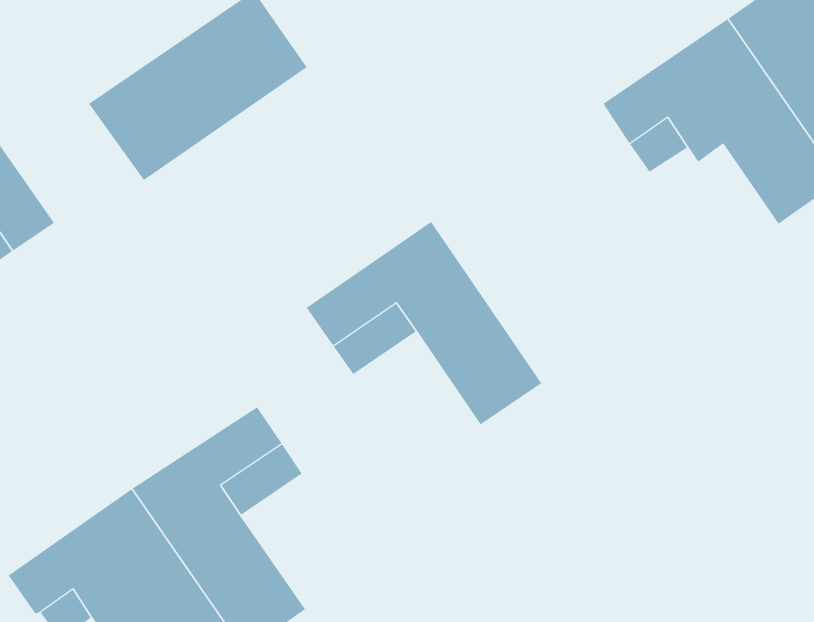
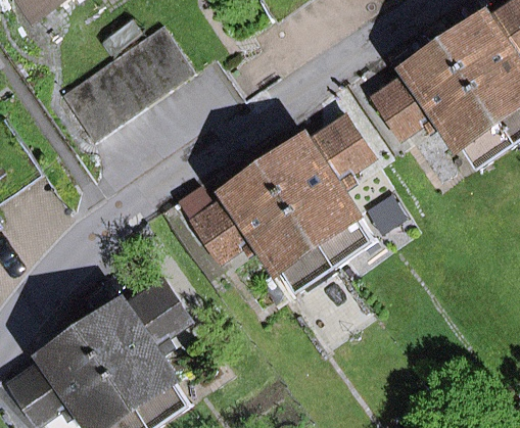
building: none -> [266,113,371,264]

